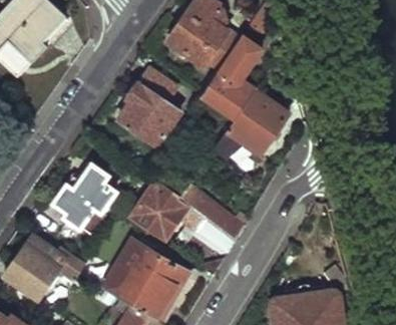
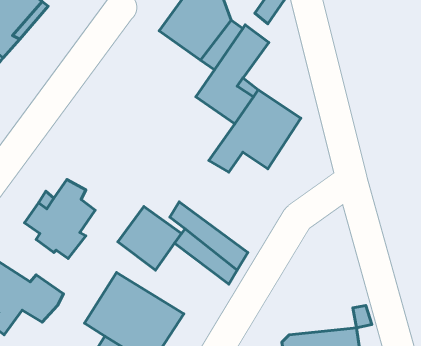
building: [117,69,178,144] -> none

